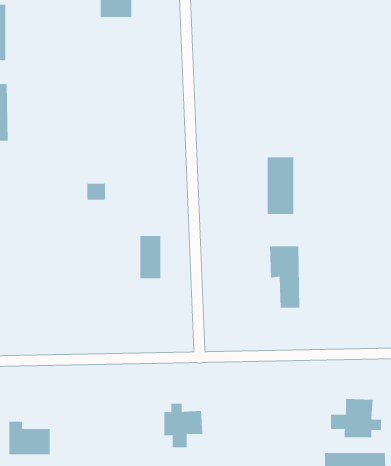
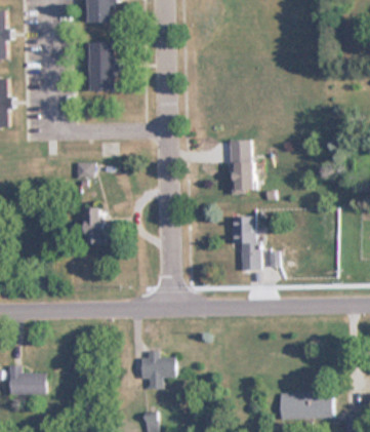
building: none -> [89,42,116,91]
building: [139,235,161,279] -> [84,206,102,243]
building: [330,398,382,438] -> none

